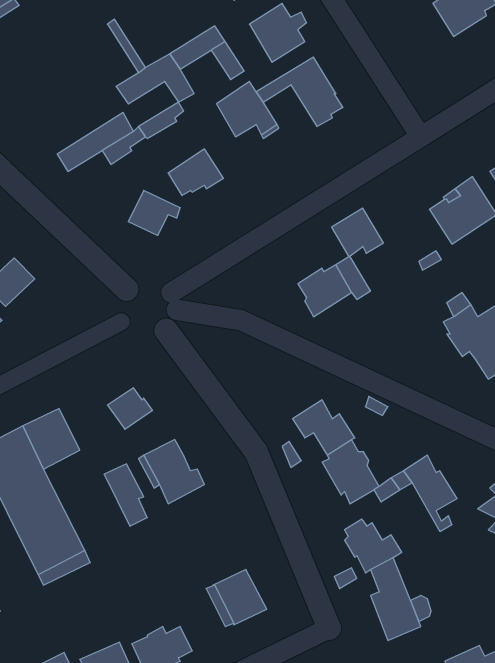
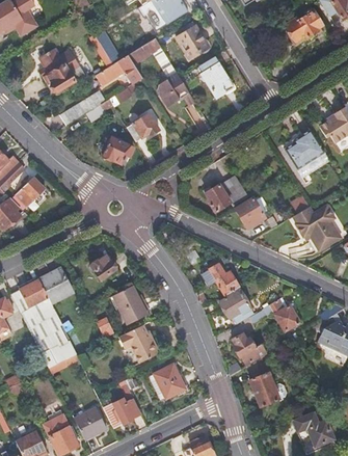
building: none -> [38,49,83,93]
building: [332,208,383,257] -> [235,197,266,226]
building: none -> [118,324,160,366]

